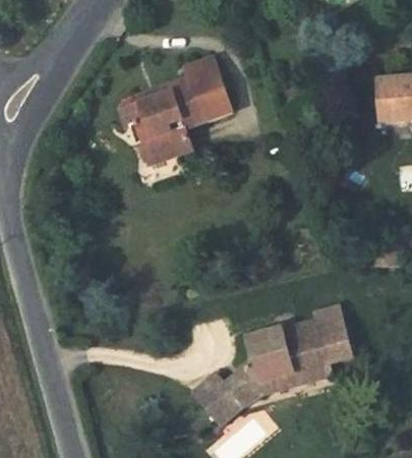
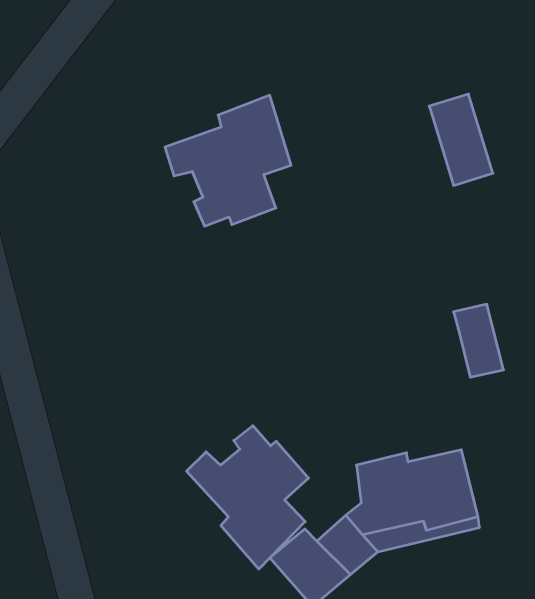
building: [189,66,232,127] -> [429,94,493,185]
building: [316,301,350,350] -> [453,304,504,377]
building: none -> [187,426,309,569]

